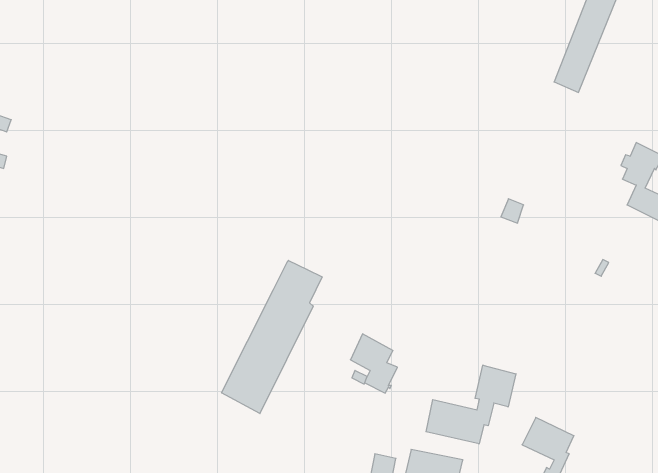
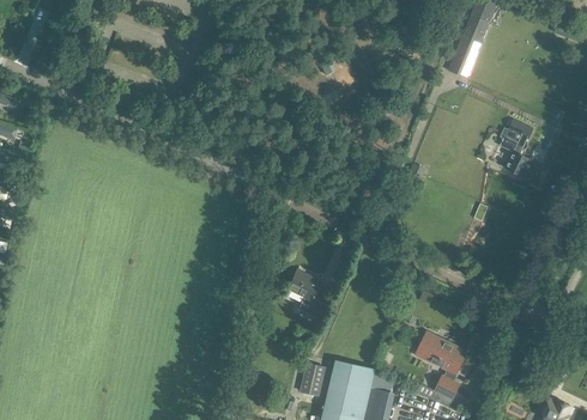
building: [222,260,322,414] -> none
building: [426,365,516,444] -> none

